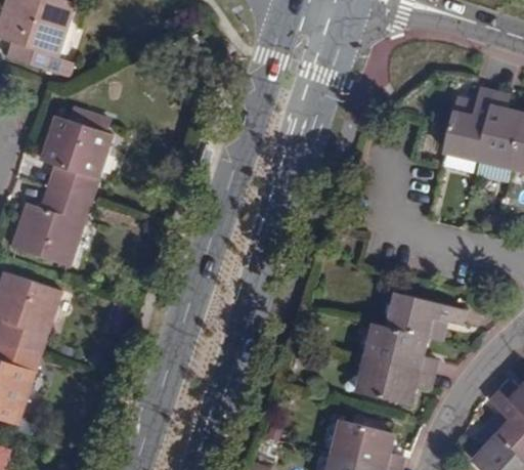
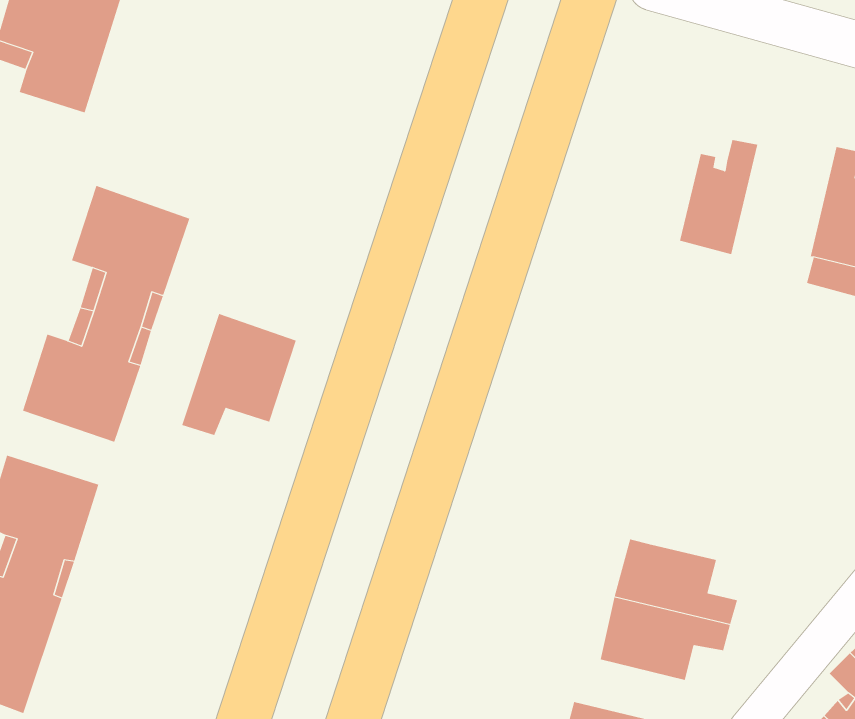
building: [446,89,492,157] -> [679,139,758,255]
building: none -> [181,313,296,436]
building: [384,290,460,338] -> none

